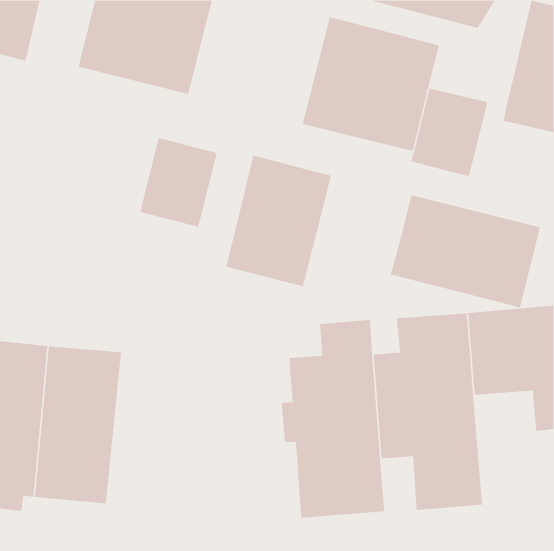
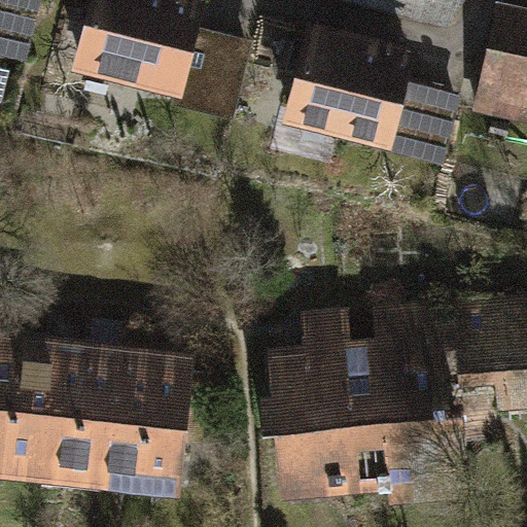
building: [140,137,217,227] -> [175,37,248,121]
building: [226,155,332,287] -> none
building: [390,195,541,308] -> none
building: none -> [100,340,192,489]

